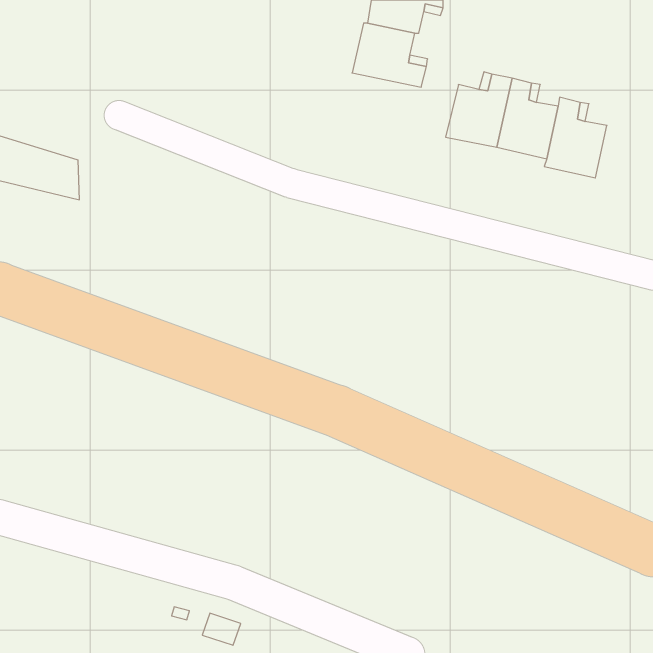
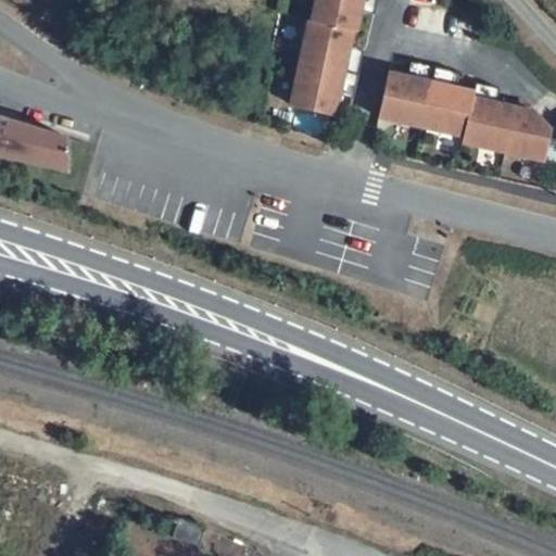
building: none -> [290,63,357,114]
building: none -> [505,108,549,160]

